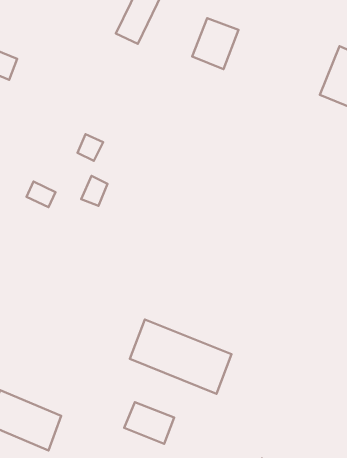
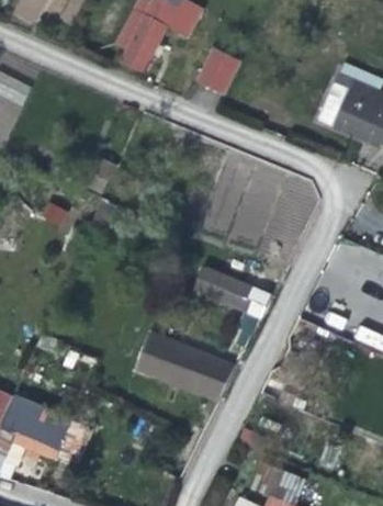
building: none -> [194,268,258,312]
building: [124,402,174,444] -> none

